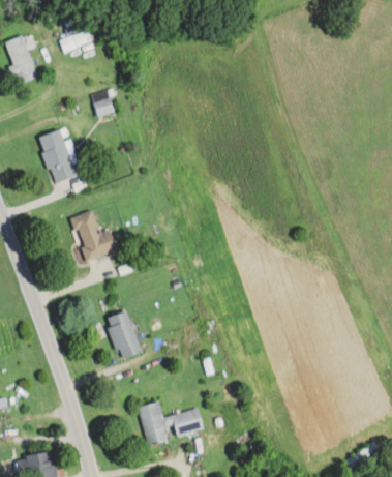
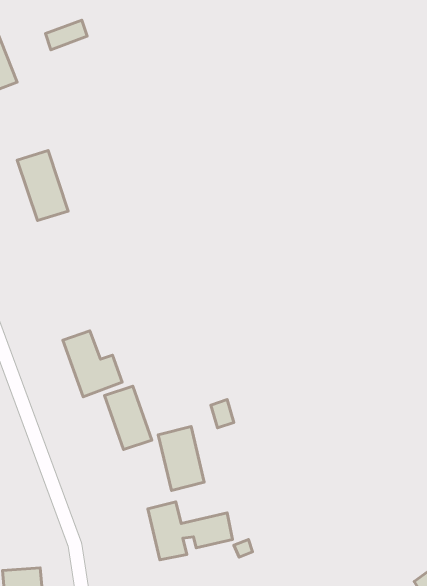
building: [90,91,115,118] -> none
building: [71,211,117,262] -> [63,331,122,397]
building: none -> [158,426,204,490]

